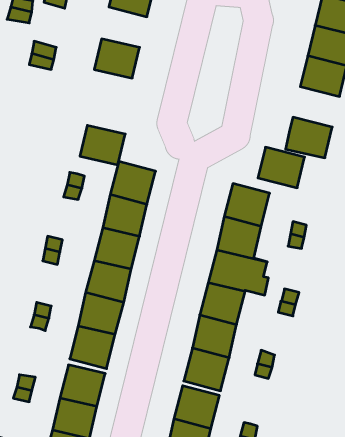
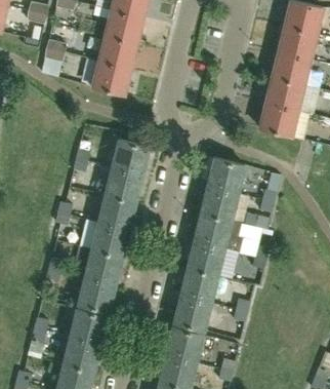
building: none -> [105,10,142,44]
building: [80,125,125,165] -> [92,63,130,95]
building: [258,147,305,188] -> [264,77,303,111]

